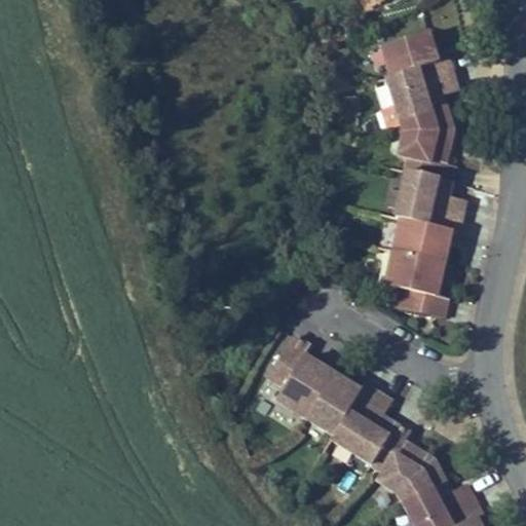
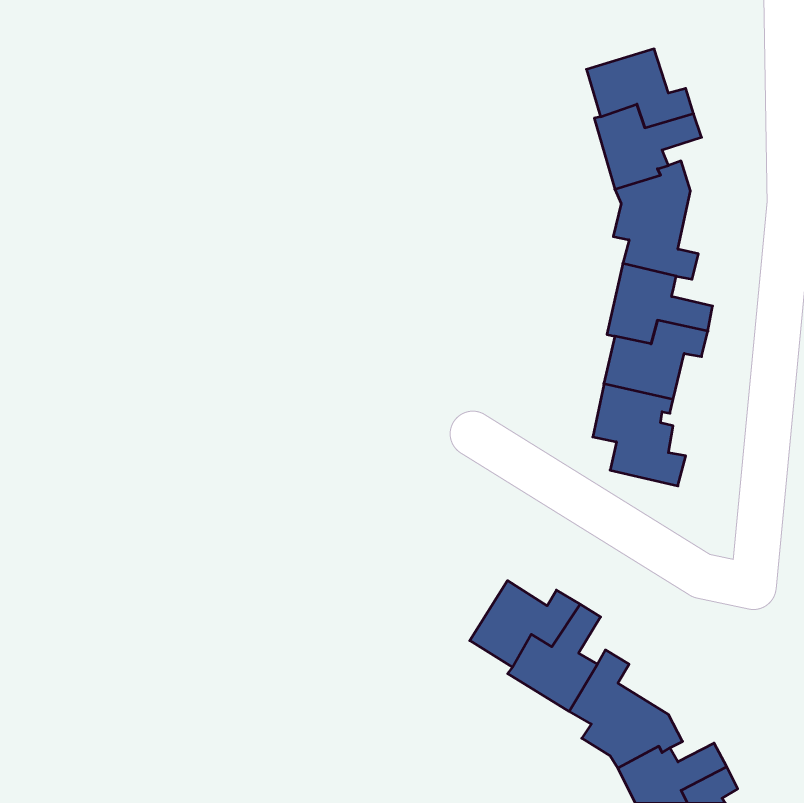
building: [269,336,332,417] -> none

